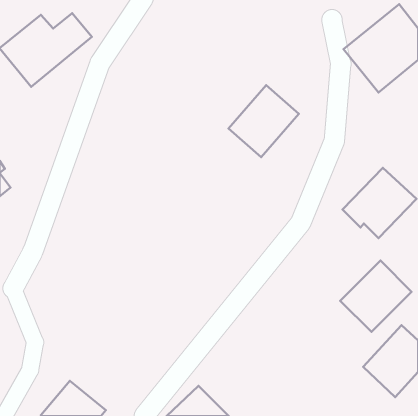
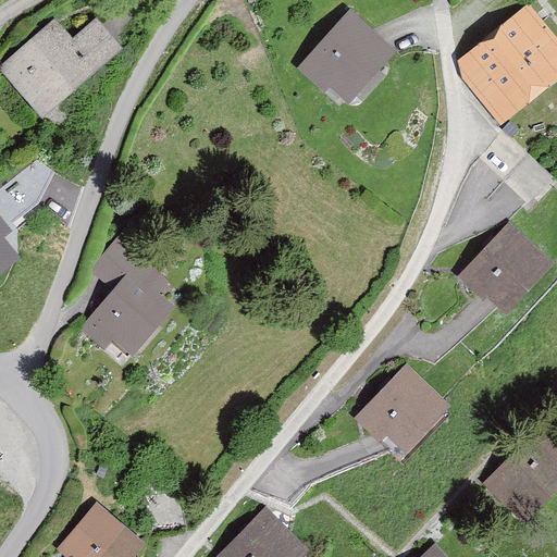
building: [228,85,299,157] -> [299,13,393,109]
building: none -> [79,236,172,358]
building: [340,261,412,332] -> [354,364,448,459]

